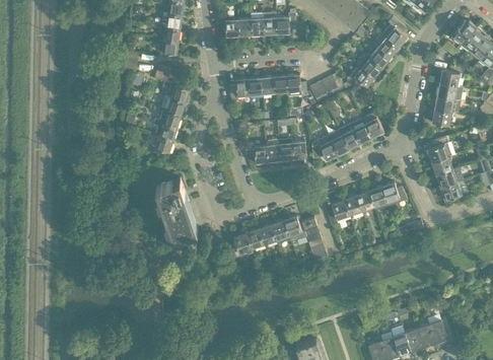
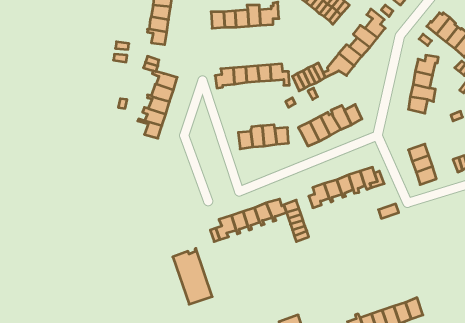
building: [426,137,448,165] -> none
building: [155,178,197,237] -> [173,248,212,304]

